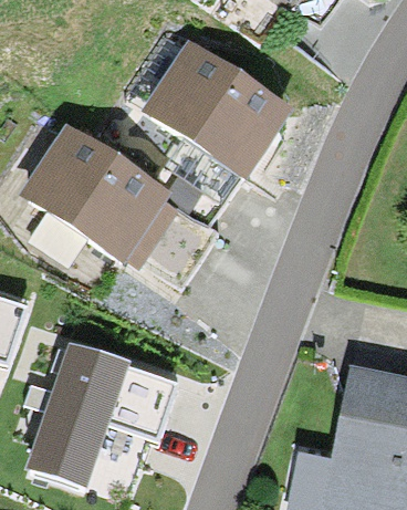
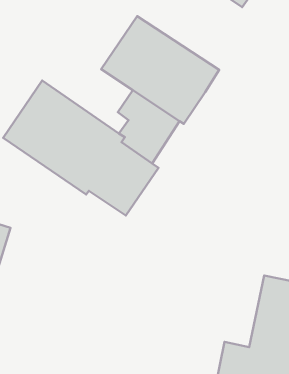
building: [30,348,176,483] -> none

